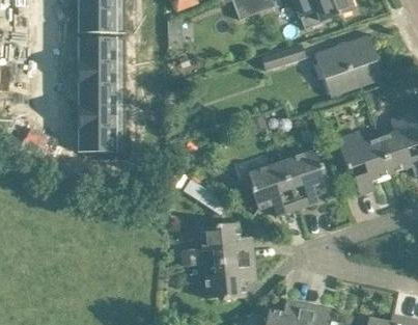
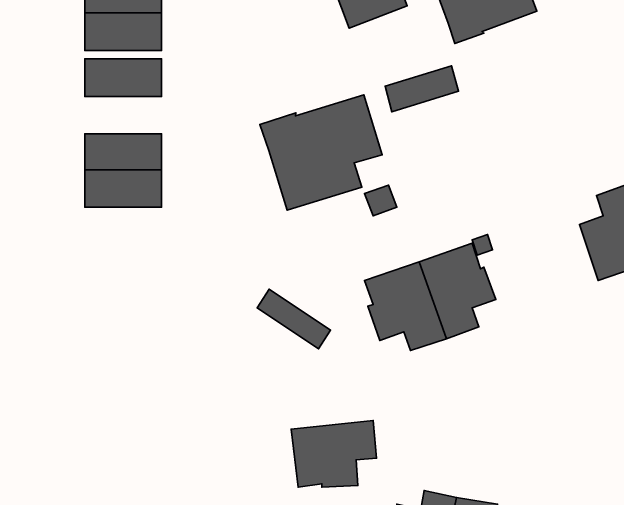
building: [315,34,378,96] -> none
building: none -> [260,95,382,210]
building: [78,60,124,83] -> none
building: [78,128,124,151] -> none
building: [336,132,390,194] -> none
building: [182,222,253,265] -> none

